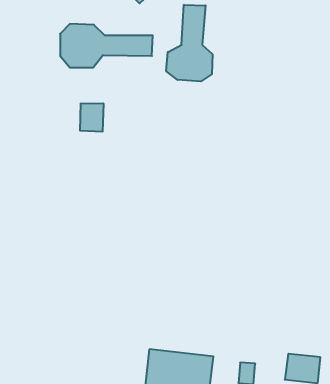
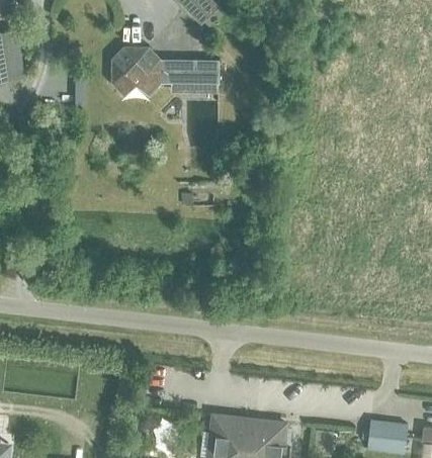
building: [166,5,213,81] -> none
building: [80,103,103,132] -> none

